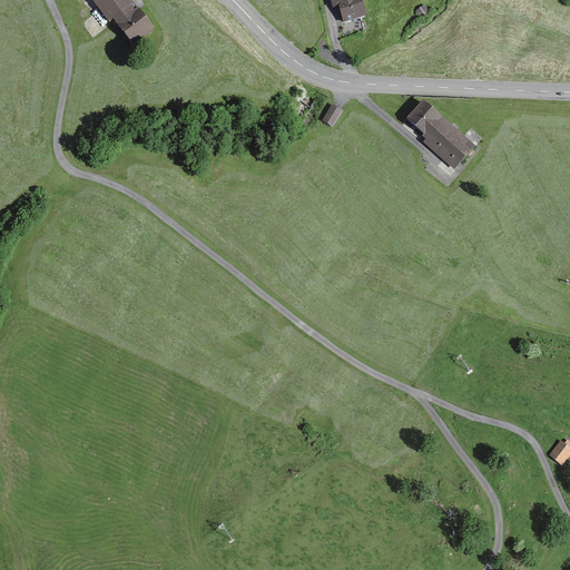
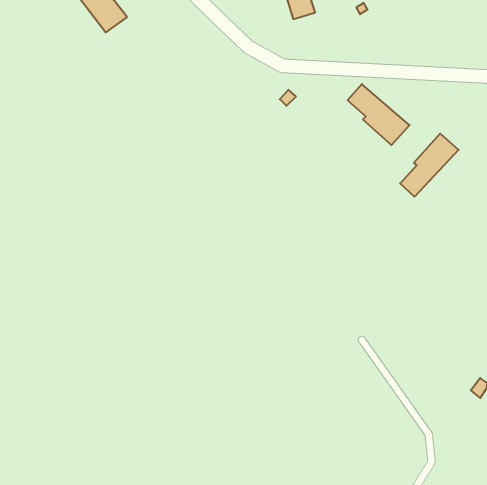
building: none -> [400,134,459,197]

